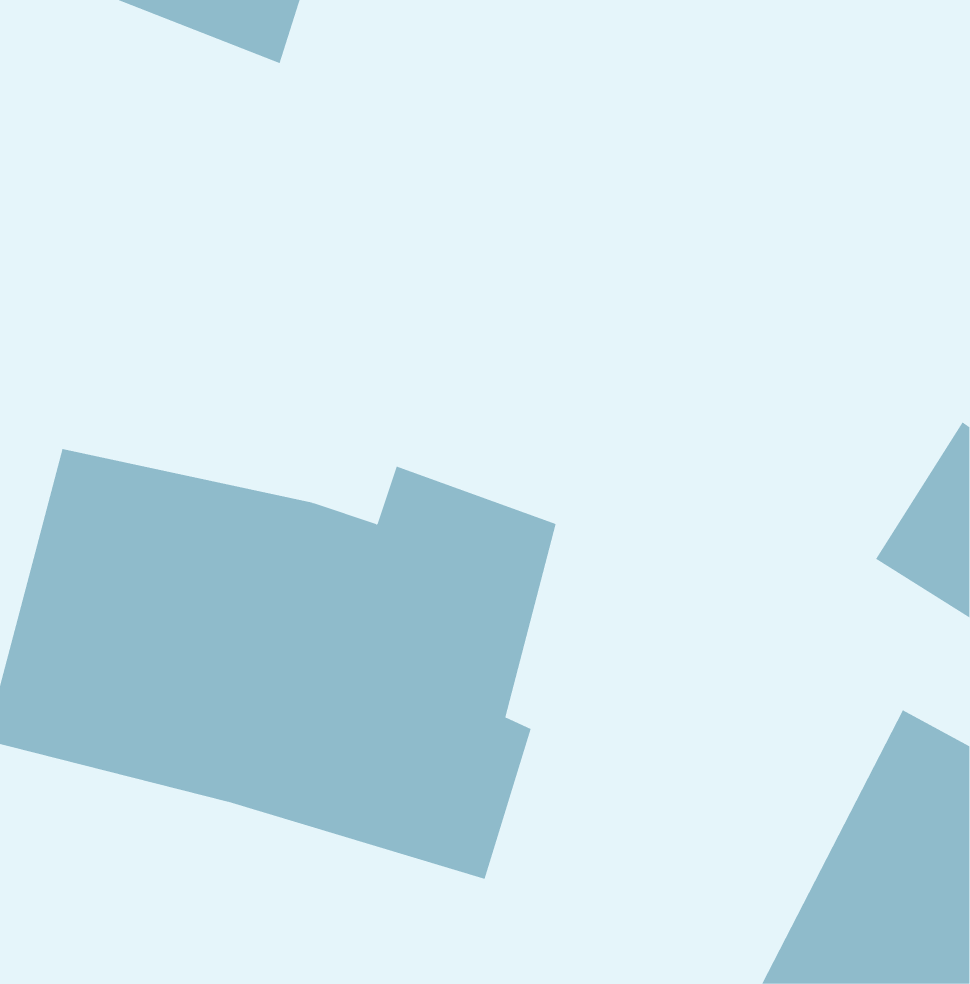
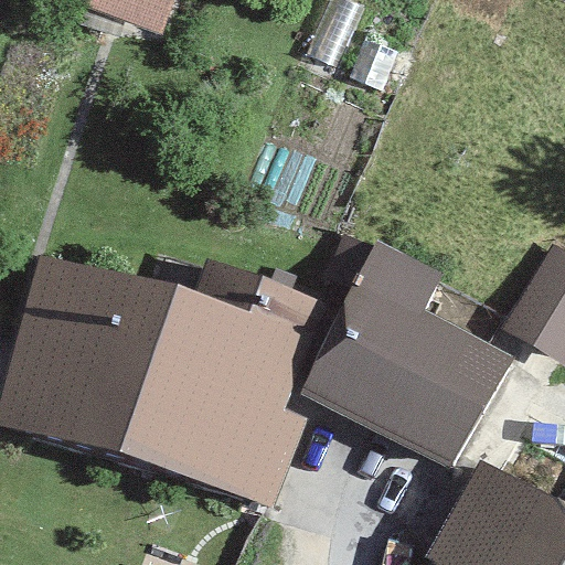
building: none -> [310,244,515,468]

